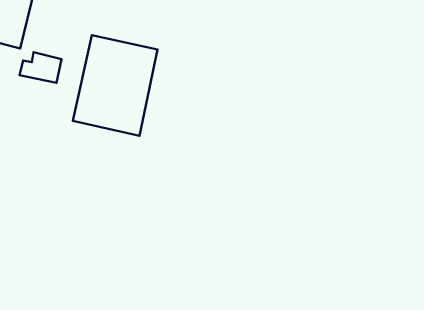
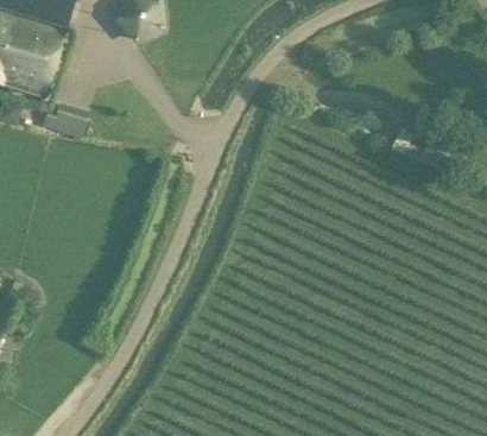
building: [73,35,158,136] -> none

